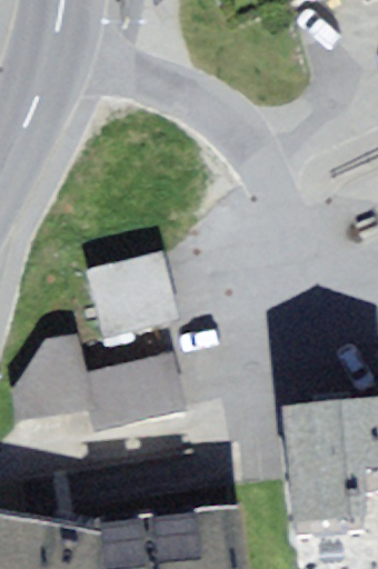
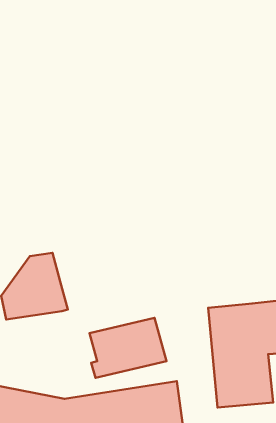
building: [88,253,180,340] -> none
building: [88,352,189,431] -> [90,318,166,378]

